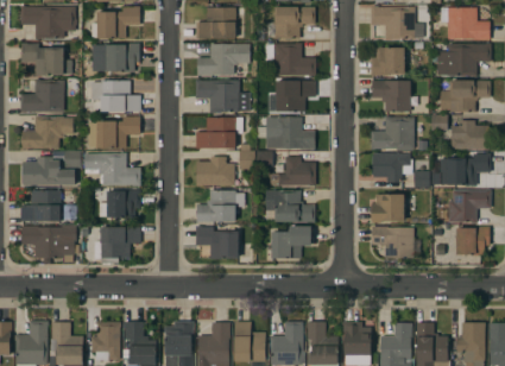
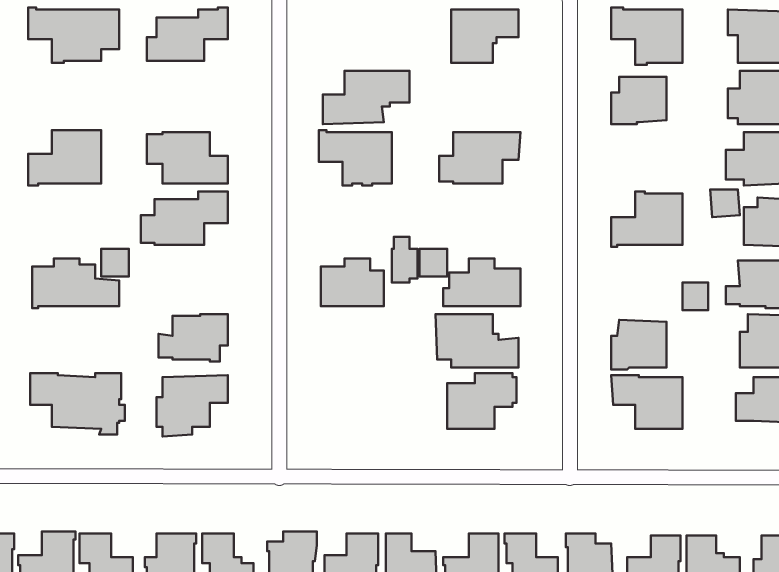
building: [196,7,235,39] -> none
building: [20,43,71,76] -> none
building: [91,43,139,72] -> none
building: [265,43,316,76] -> none
building: [372,81,410,112] -> none
building: [21,116,72,150] -> none
building: [195,118,240,149] -> none
building: [266,118,315,149] -> none
building: [84,153,140,187] -> none
building: [373,153,411,183] -> none
building: [20,190,61,221] -> none
building: [196,191,235,222] -> none
building: [195,227,239,260] -> none

